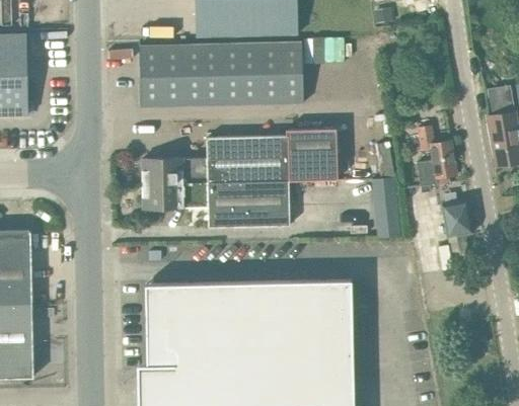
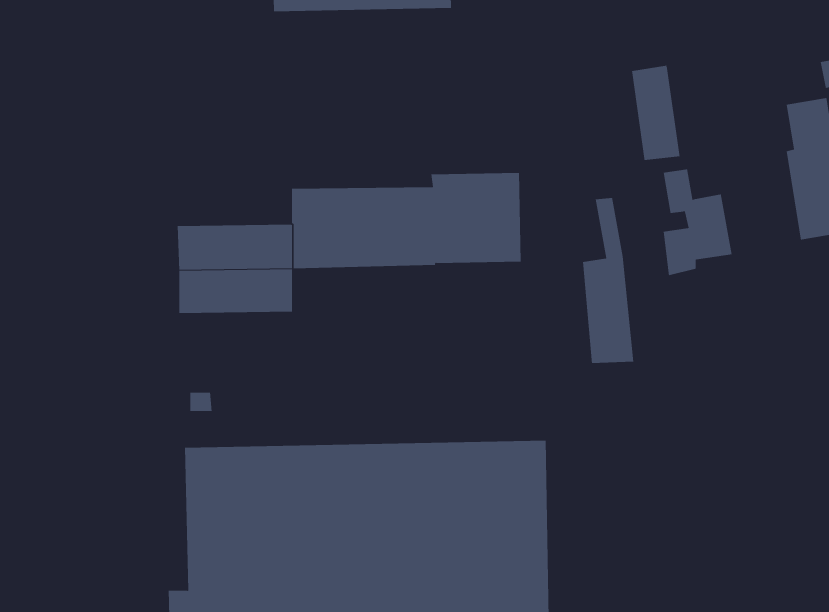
building: [139,43,303,107] -> none
building: none -> [631,65,680,161]
building: [207,181,289,228] -> none
building: [442,199,473,237] -> none

